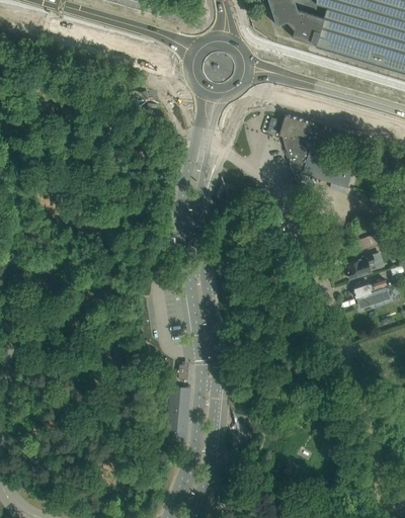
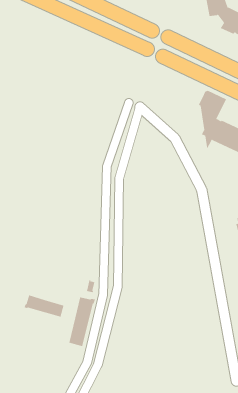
building: none -> [24,295,64,318]

